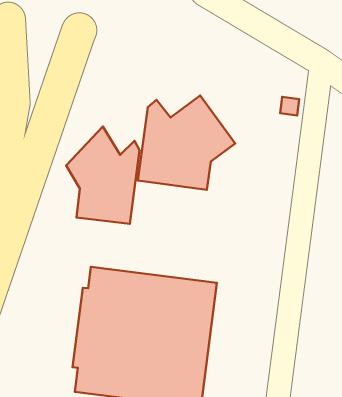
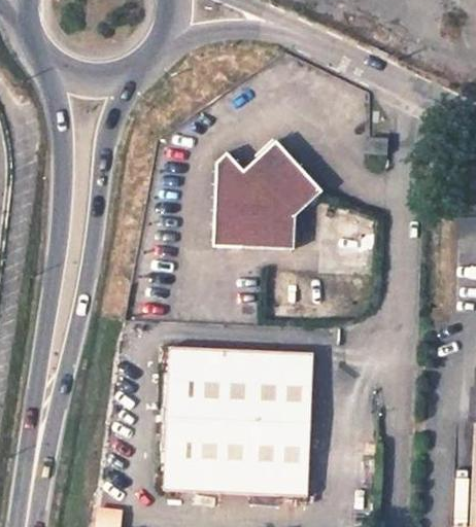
building: [66,126,139,224] -> none

